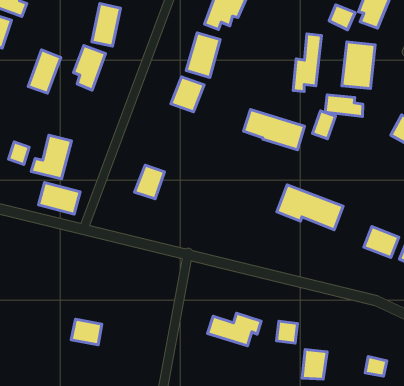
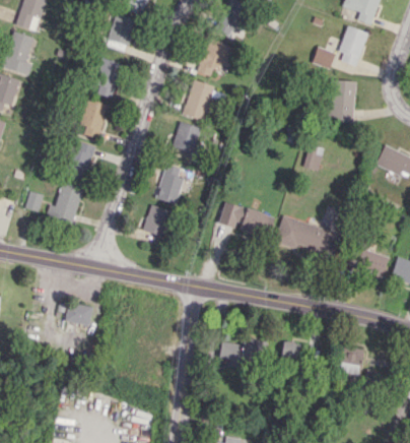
building: [293,34,321,91] -> none
building: [28,50,61,93] -> [67,140,95,180]
building: [325,95,363,117] -> none
building: [244,110,304,150] -> [219,203,275,238]
building: none -> [156,163,185,204]
building: [39,183,80,214] -> none
building: [71,319,102,345] -> [65,303,92,325]
building: [302,350,327,379] -> [341,347,362,374]

